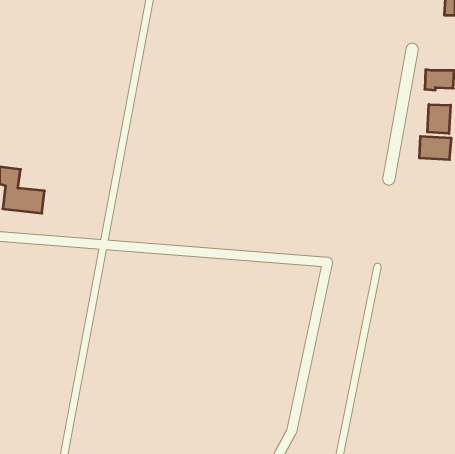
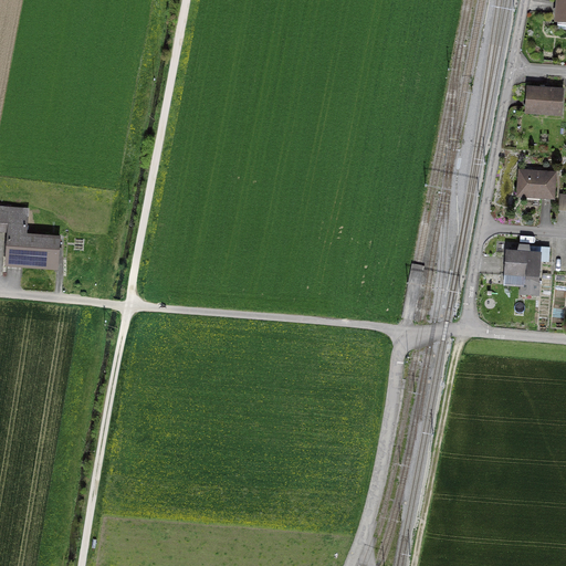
building: [427,104,451,134] -> none
building: none -> [503,249,542,294]

